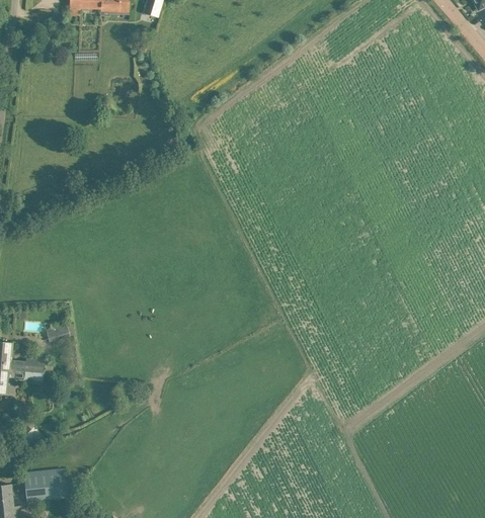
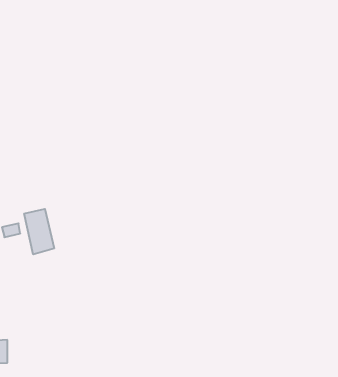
building: none -> [24,209,54,254]

